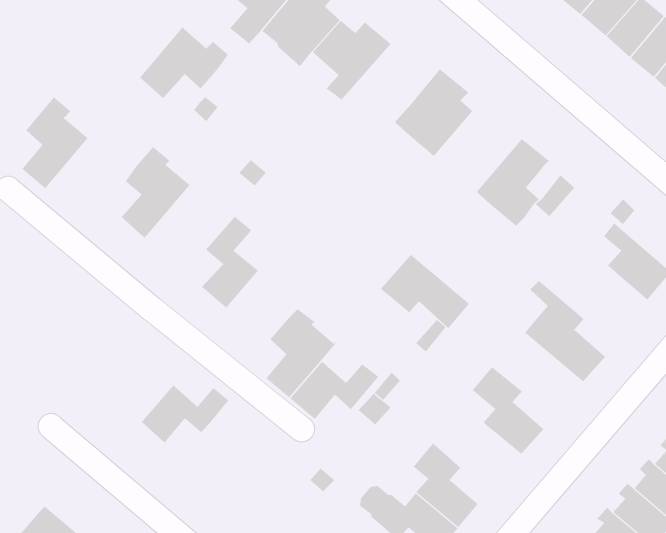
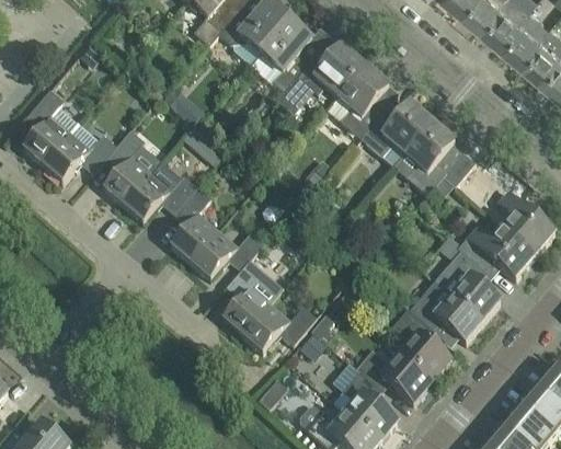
building: [139,27,229,99] -> [42,122,115,181]
building: none -> [277,45,364,111]
building: none -> [359,100,431,165]
building: none -> [123,160,196,221]
building: [380,254,470,329] -> [408,280,481,342]
building: none -> [445,226,534,277]
building: [141,384,229,443] -> [190,230,262,278]
building: none -> [355,348,431,402]

